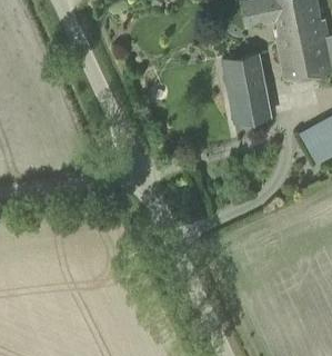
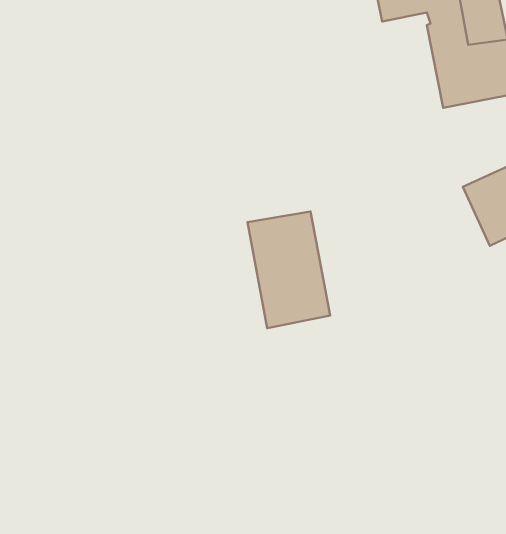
building: [221,53,272,126] -> [248,211,330,328]

